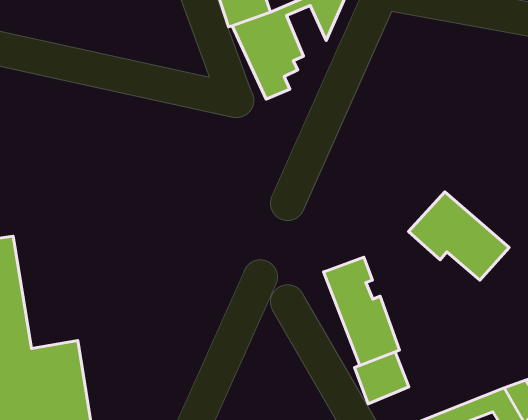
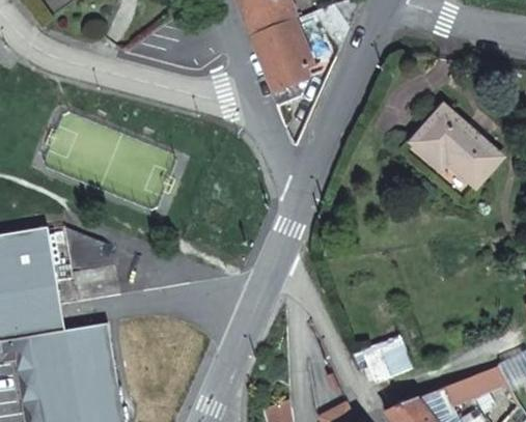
building: [408,192,509,280] -> [407,106,499,187]
building: [324,257,400,365] -> none

